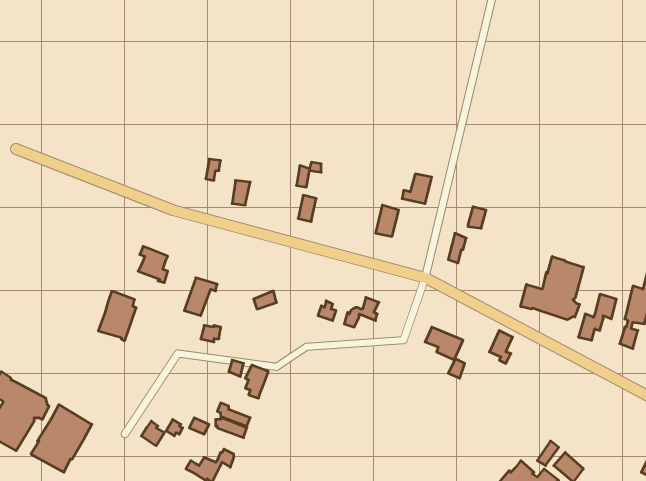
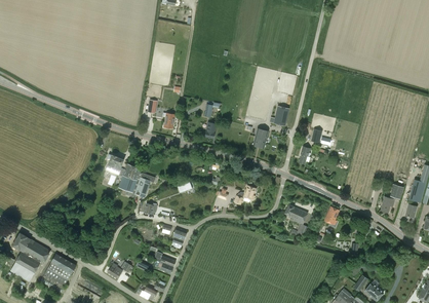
building: [521,256,584,320] -> none
building: [98,291,136,341] -> [118,163,142,194]

